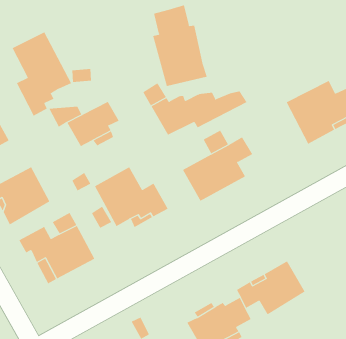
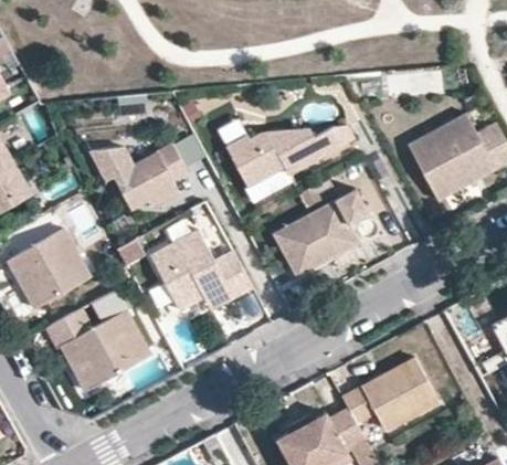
building: [153,5,208,87] -> none
building: [12,31,72,117] -> none

